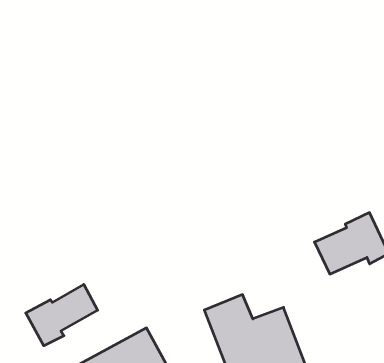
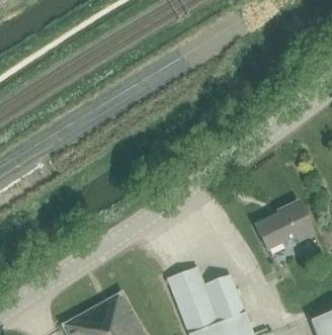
building: [26,284,98,346] -> none

